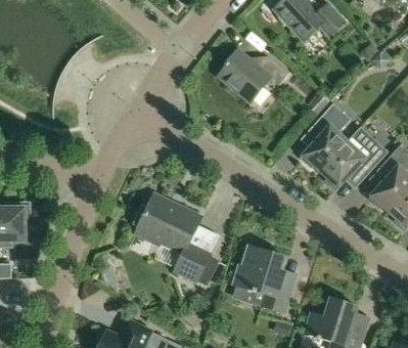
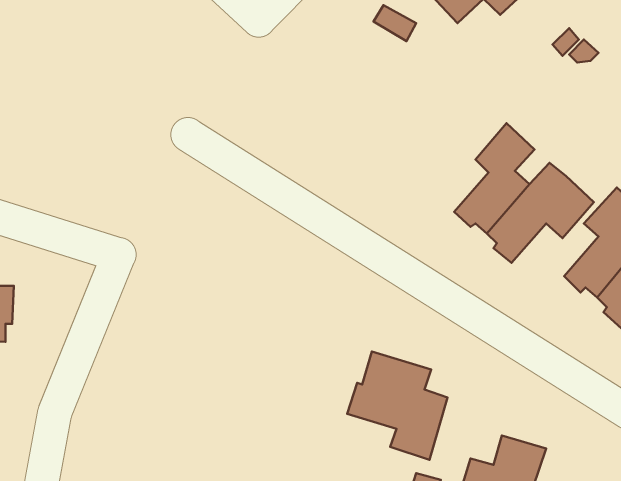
building: [217,48,288,101] -> none
building: [132,193,218,285] -> none

